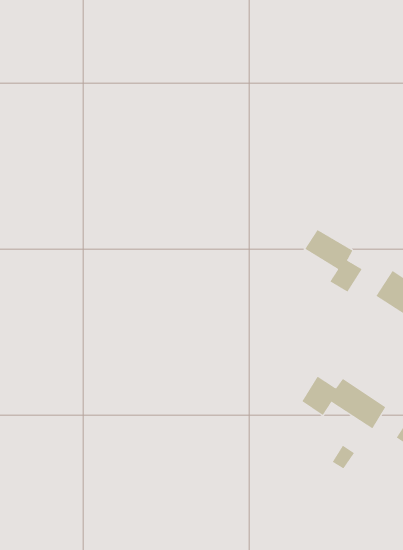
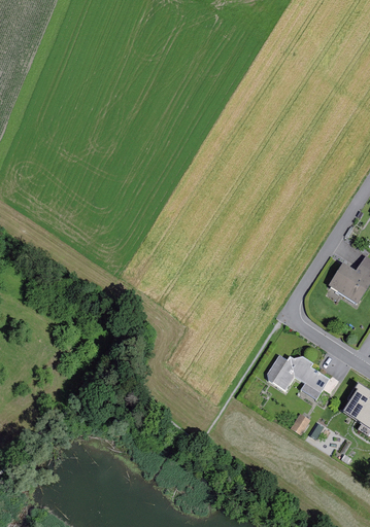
building: [304,229,363,292] -> none

